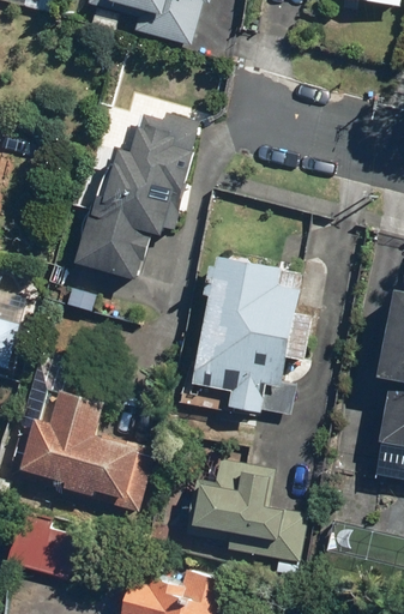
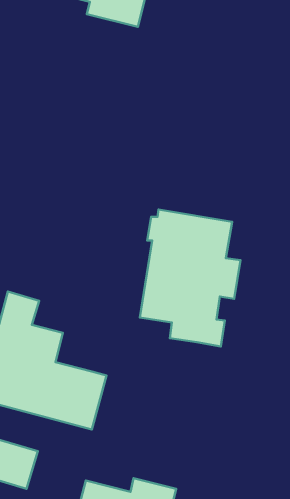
building: [79,113,194,278] -> none
building: [183,463,303,562] -> none

